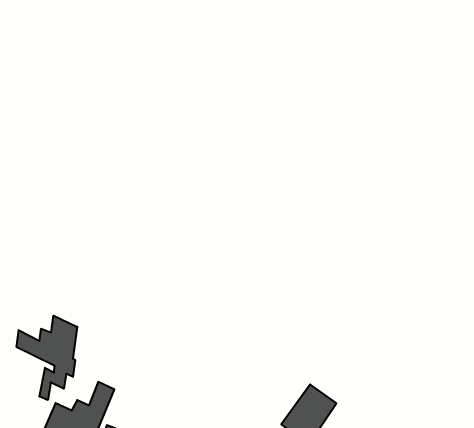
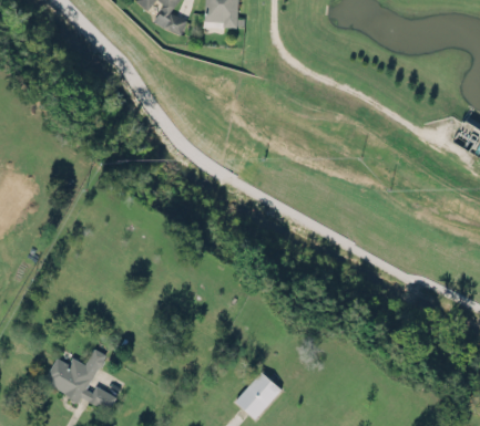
building: [17,316,77,400] -> none

